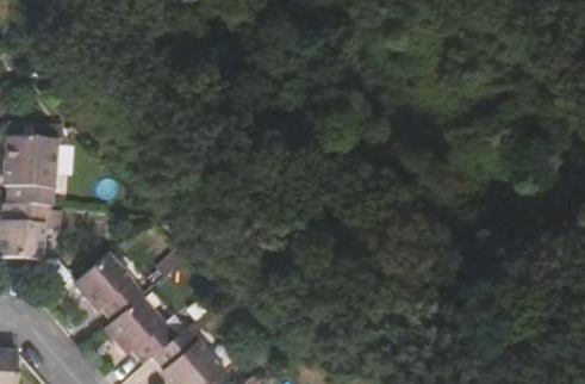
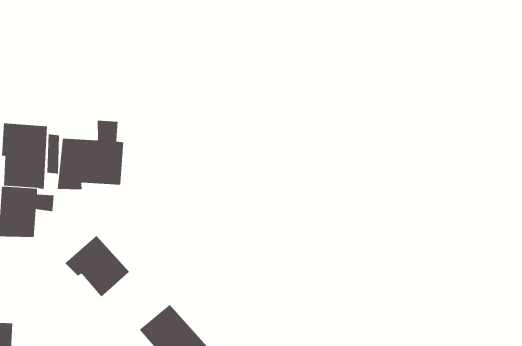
building: none -> [57,120,124,190]
building: [110,287,193,359] -> none

